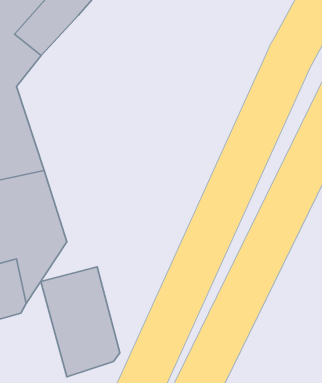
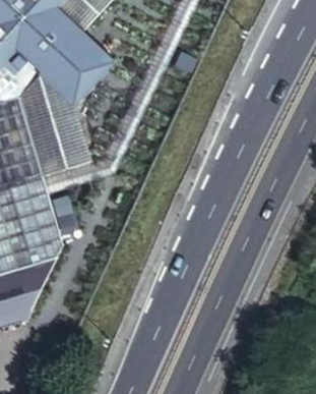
building: none -> [17,37,111,185]
building: [41,267,120,377] -> none

